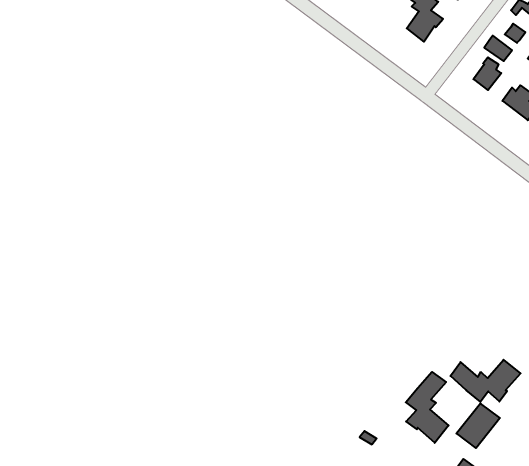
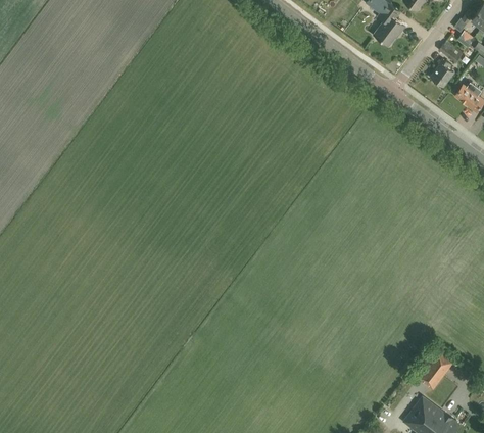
building: [450,360,521,402] -> none
building: [406,372,449,443] -> none

